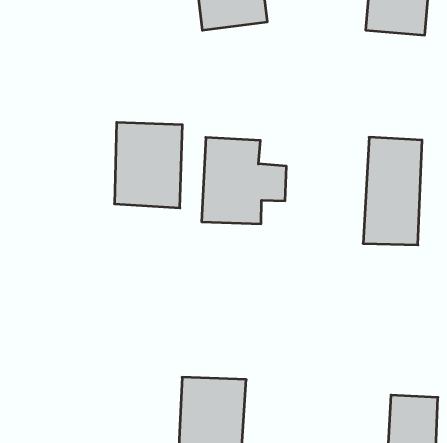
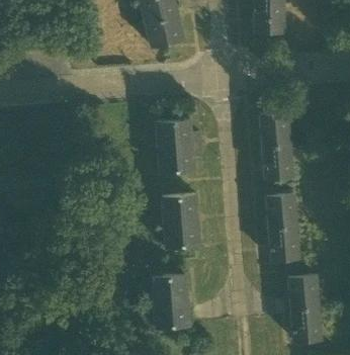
building: [114,122,182,208] -> [160,192,205,247]
building: none -> [266,192,299,260]

